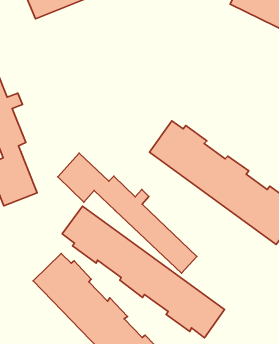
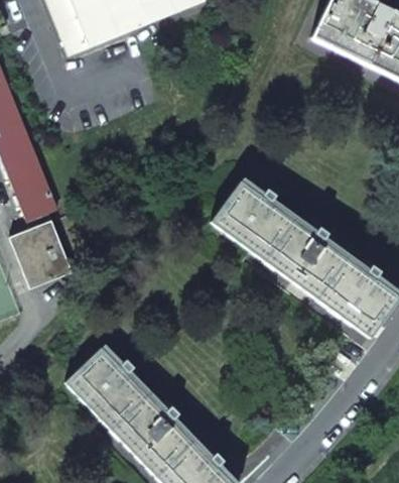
building: [58,153,197,273] -> none
building: [62,206,224,338] -> none

